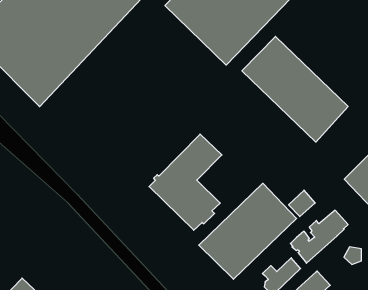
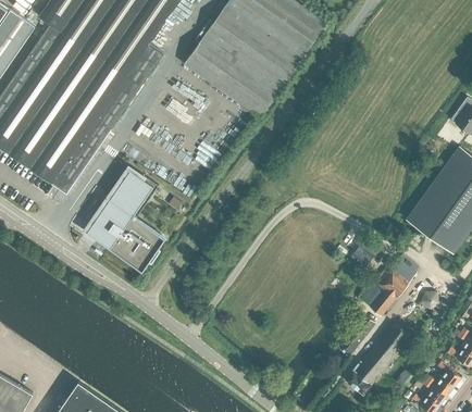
building: [242,36,348,142] -> none
building: [149,134,222,230] -> [85,167,164,272]
building: [199,183,297,279] -> none

